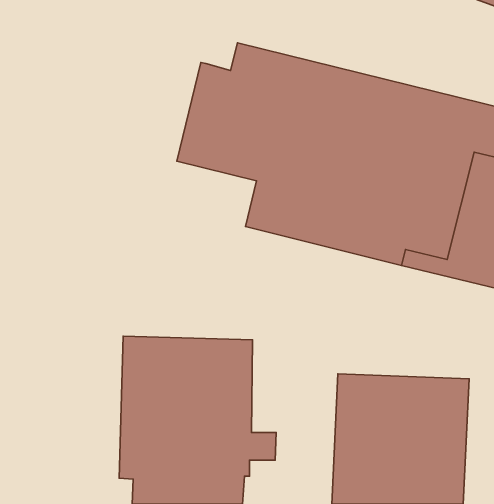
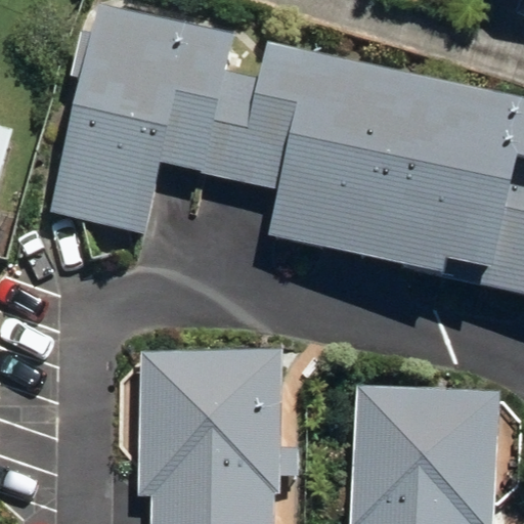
building: none -> [70,6,232,229]

